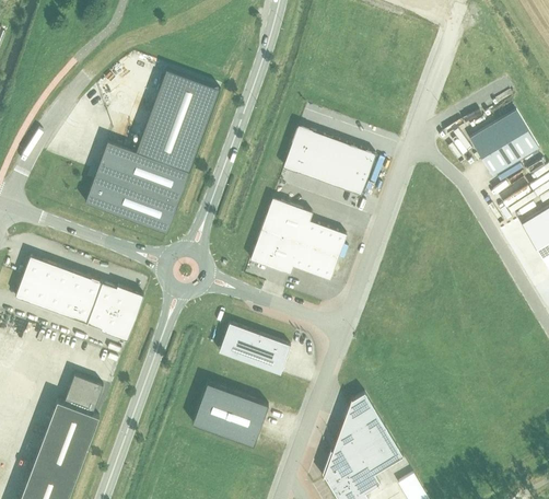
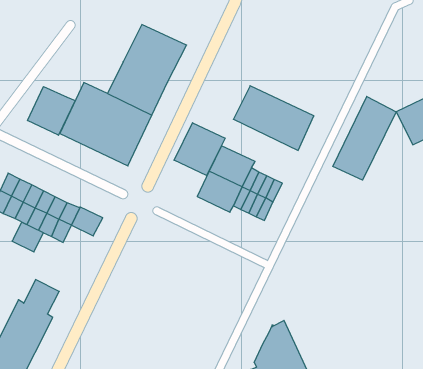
building: none -> [333,96,396,180]
building: none -> [28,87,75,135]
building: none -> [174,123,225,176]
building: [101,307,136,340] -> [12,222,43,252]
building: [219,324,291,374] -> none
building: [192,383,268,446] -> none

